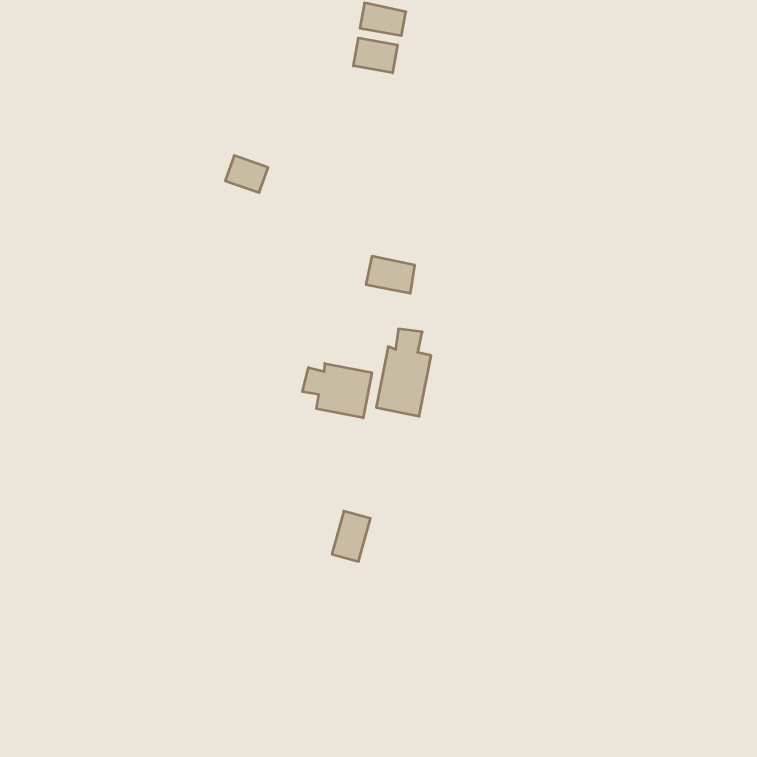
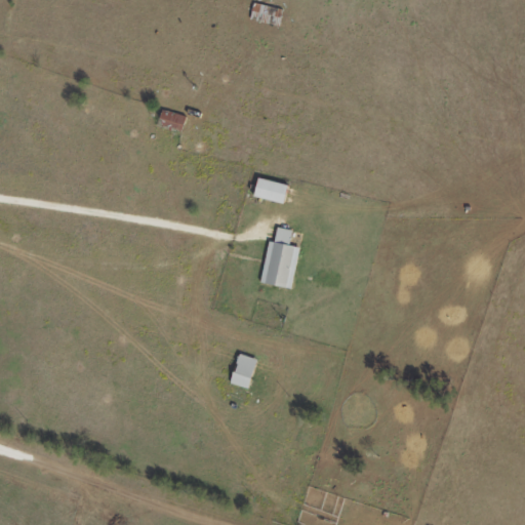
building: [353,38,398,73] -> none
building: [303,363,372,418] -> none

